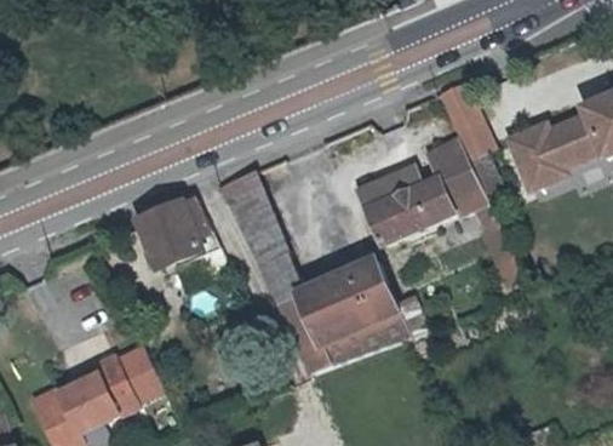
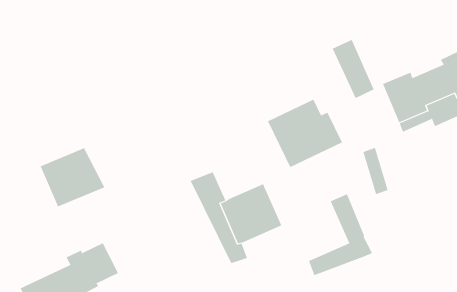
building: [424,135,488,215] -> none
building: [216,167,306,290] -> none
building: [134,194,219,271] -> [40,148,105,207]
building: [323,258,407,365] -> [308,194,373,276]

